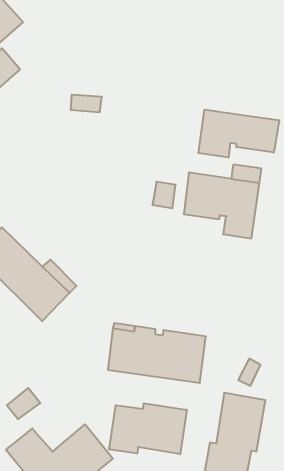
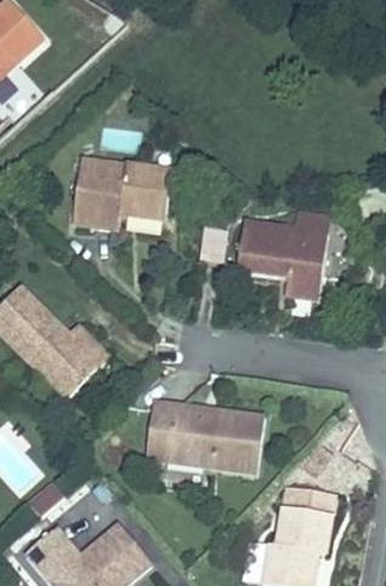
building: [199,110,279,158] -> none
building: none -> [70,159,170,231]
building: [109,403,187,454] -> none

